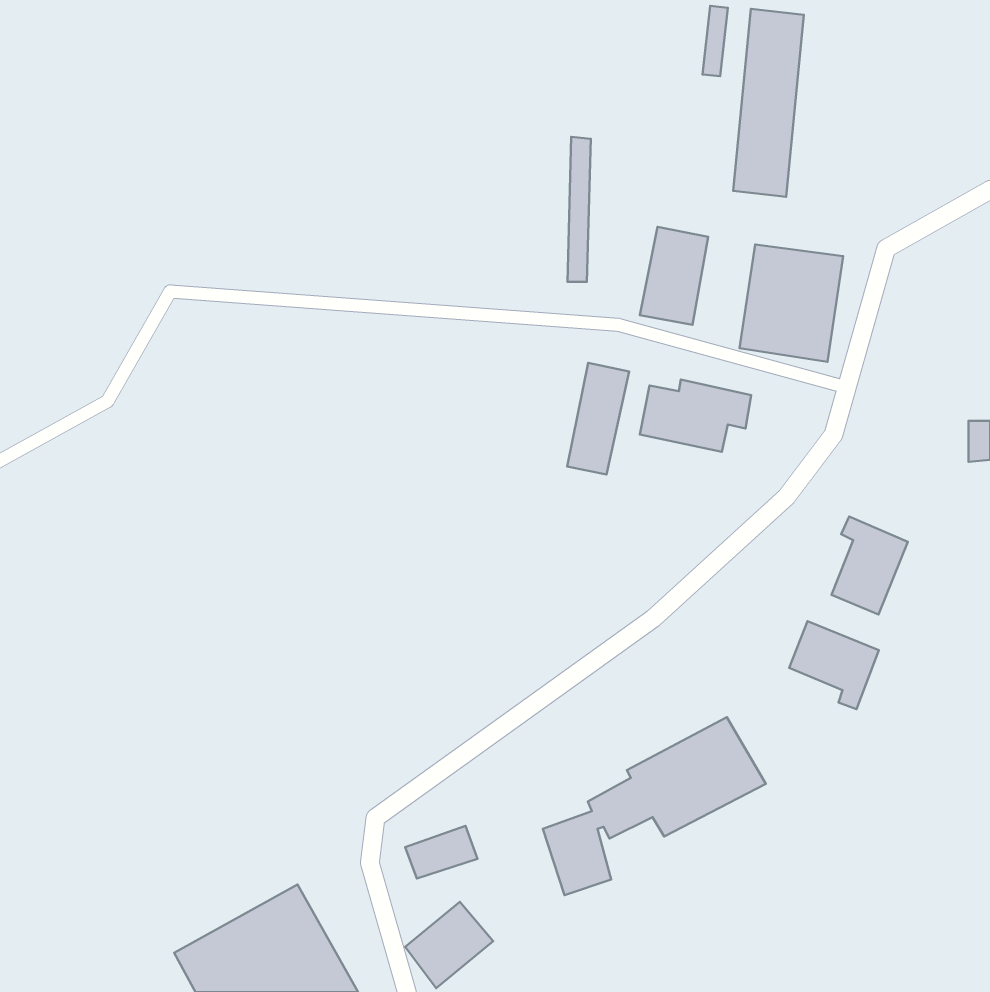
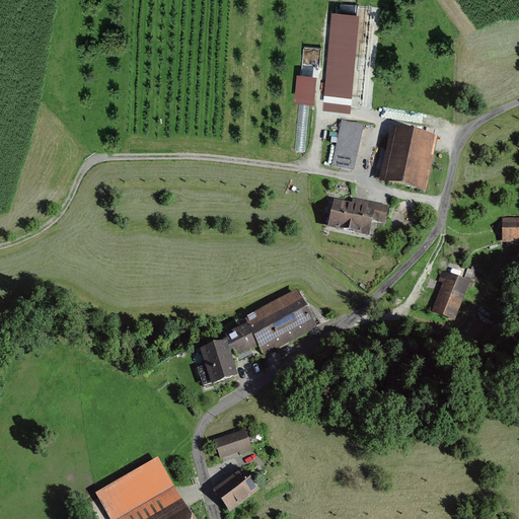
building: [733,9,804,197] -> [325,7,362,104]
building: [567,363,629,475] -> none
building: [789,621,879,709] -> none
building: [543,717,766,895] -> [197,292,312,384]

